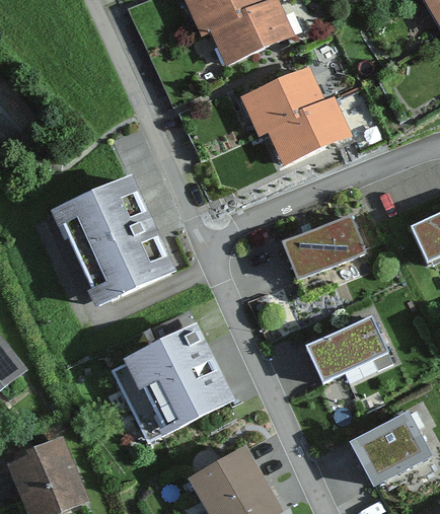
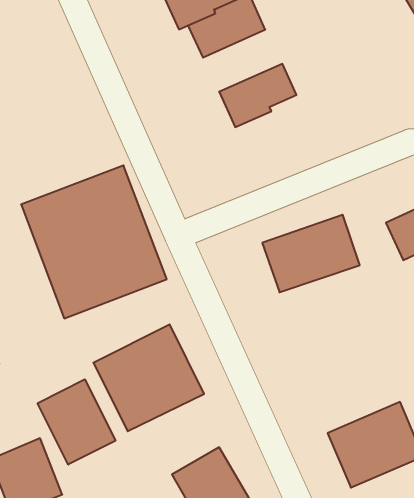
building: [266,93,344,158] -> none
building: [306,316,404,397] -> none
building: none -> [38,379,115,465]

